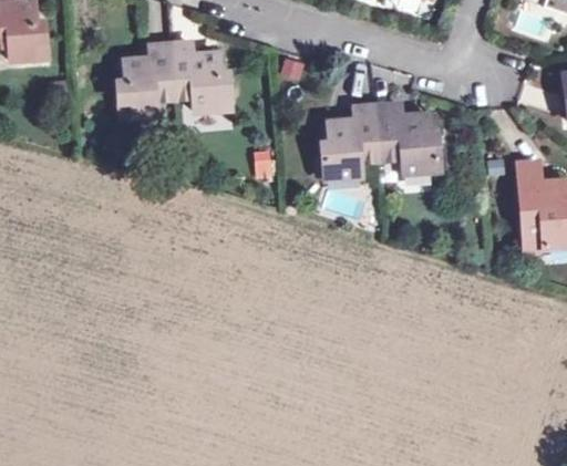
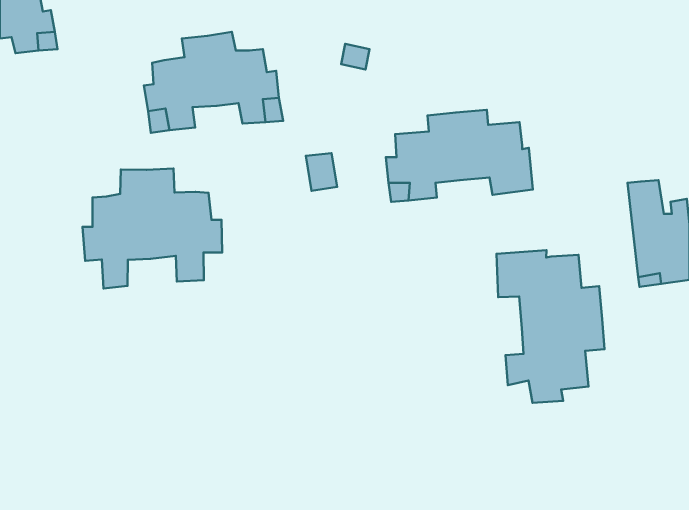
building: none -> [83,168,222,288]
building: none -> [497,250,604,403]

